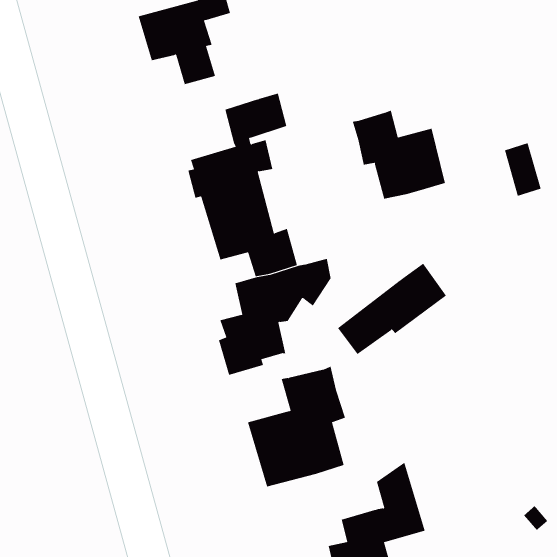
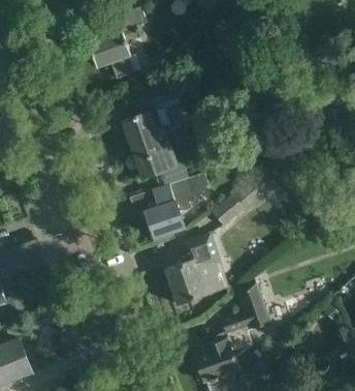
building: [352,110,446,200] -> none

